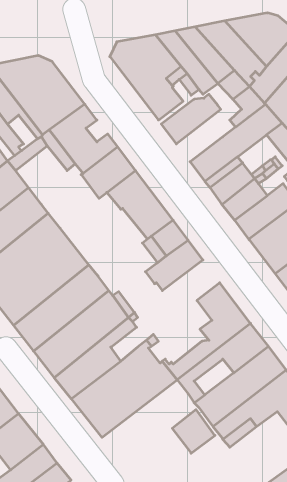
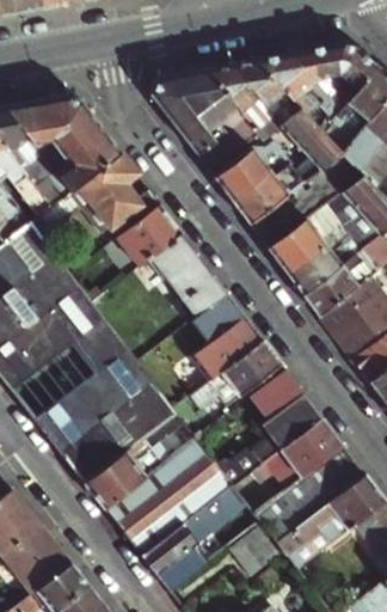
building: none -> [232,159,303,222]
building: none -> [192,341,282,409]
building: none -> [142,485,246,589]

